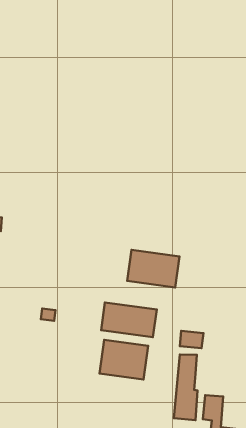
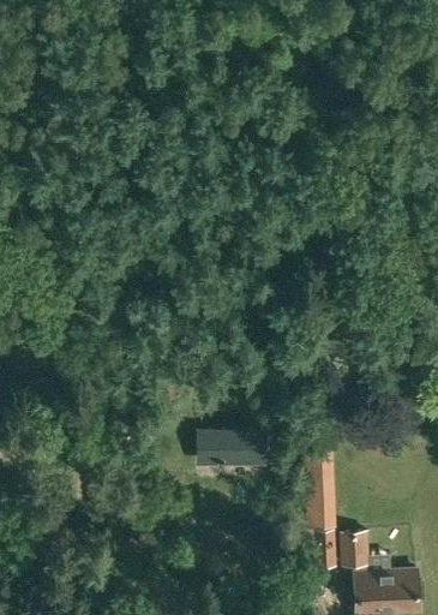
building: [127,250,179,287] -> none
building: [100,340,148,379] -> none

